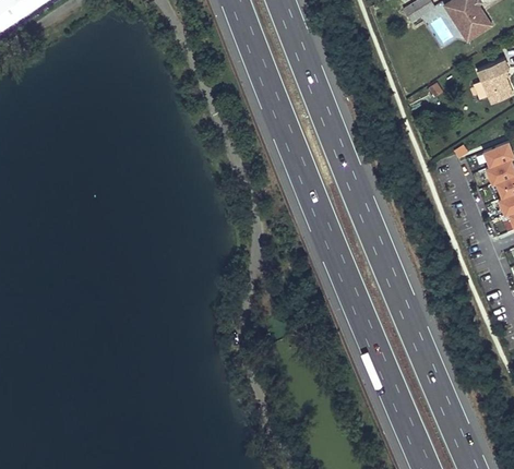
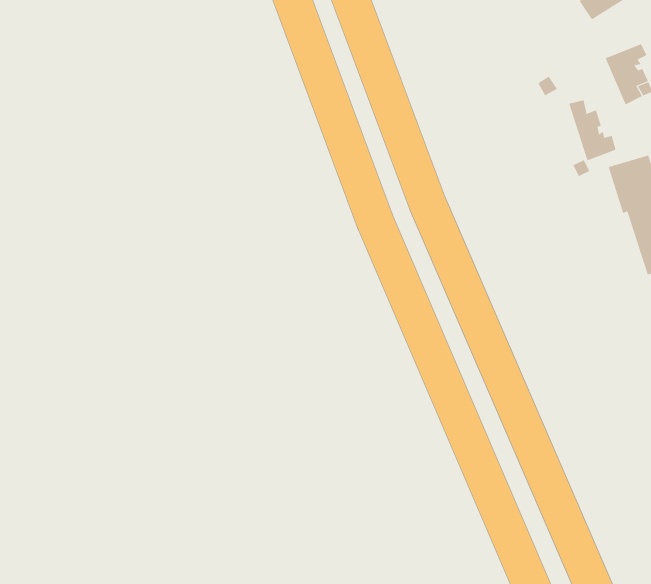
building: none -> [569,100,616,161]

